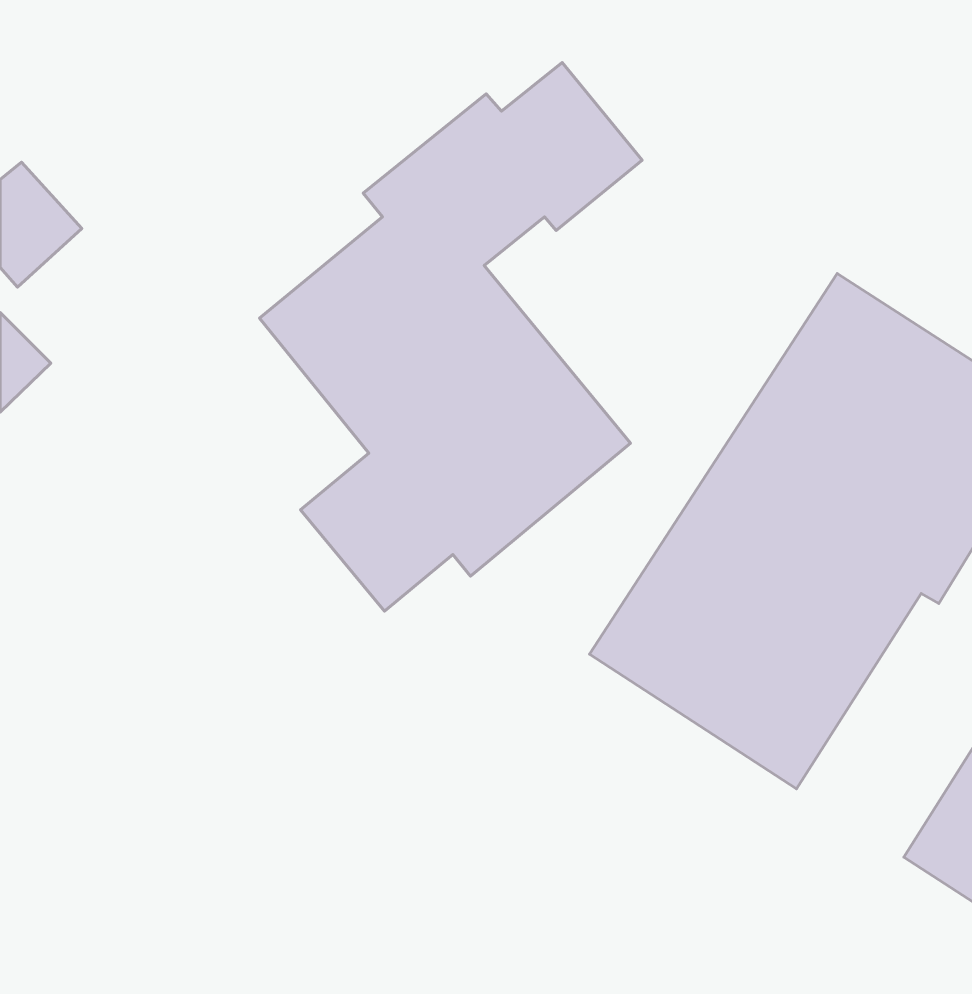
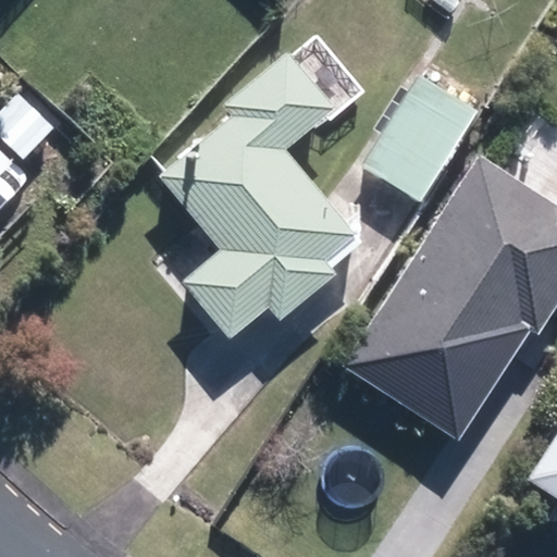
building: none -> [368,76,480,202]

